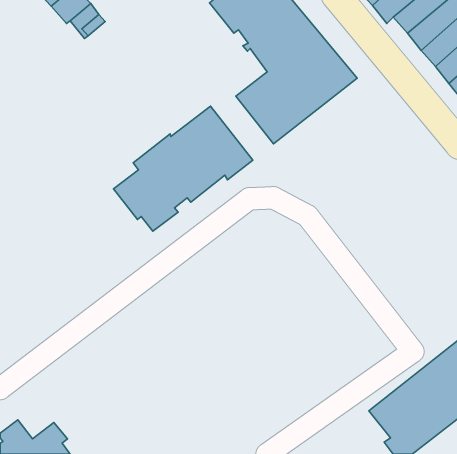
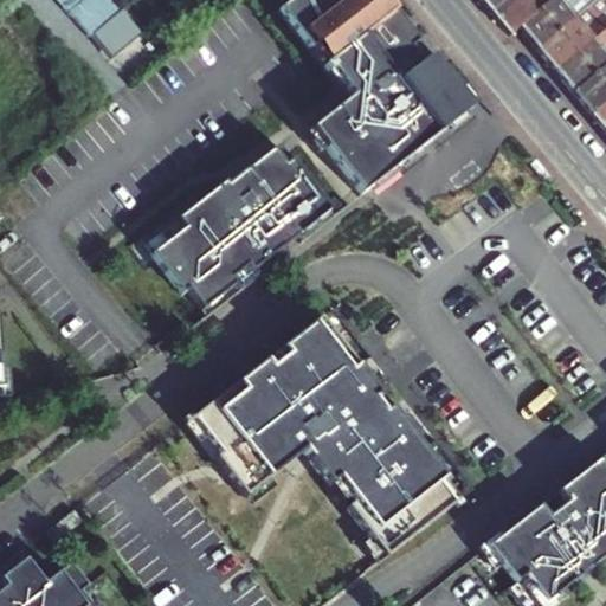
building: none -> [194,312,463,553]

